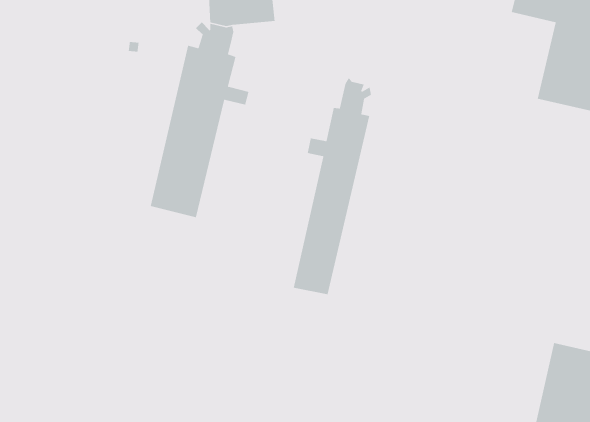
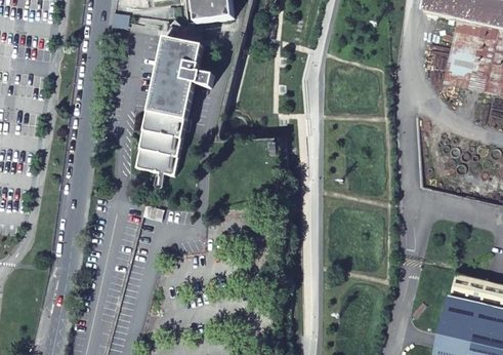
building: [293,77,372,295] -> none

